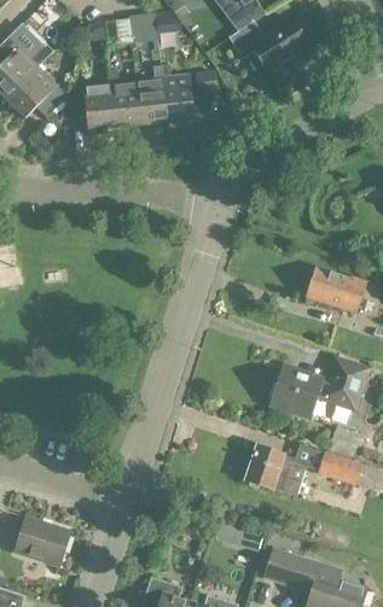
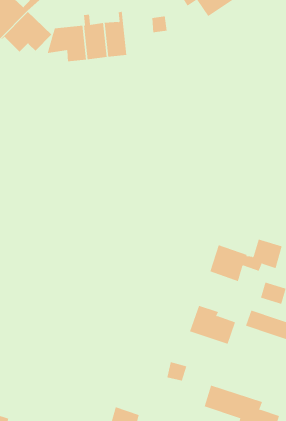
building: [159,65,195,123] -> none
building: [306,268,365,313] -> none
building: [14,516,70,566] -> none

